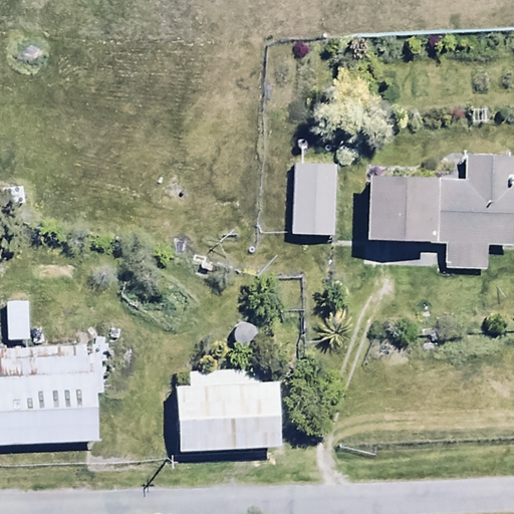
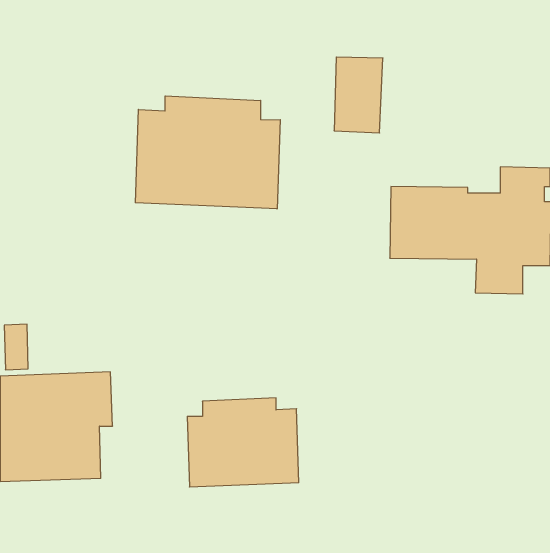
building: none -> [135,96,280,209]
building: [292,165,337,235] -> [334,57,383,133]

